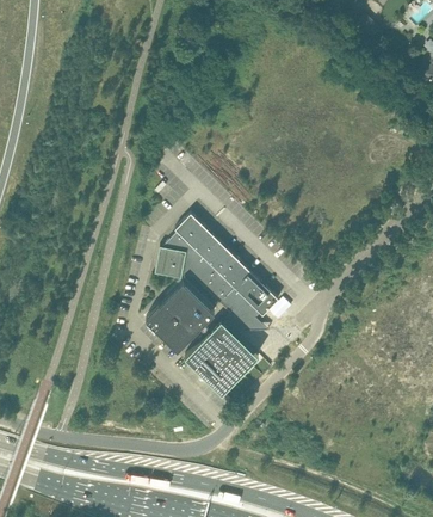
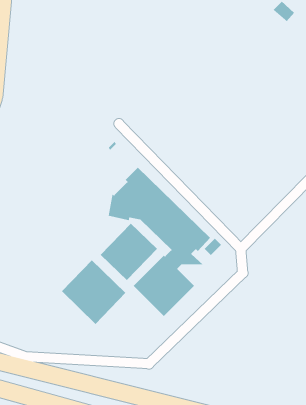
building: none -> [61,259,126,325]

